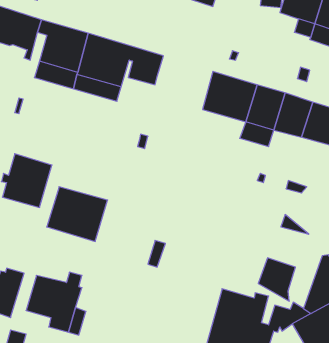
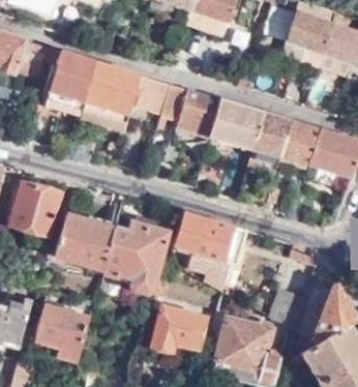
building: none -> [165,84,220,138]
building: none -> [175,213,248,290]
building: none -> [102,222,169,294]
building: none -> [149,304,206,352]

